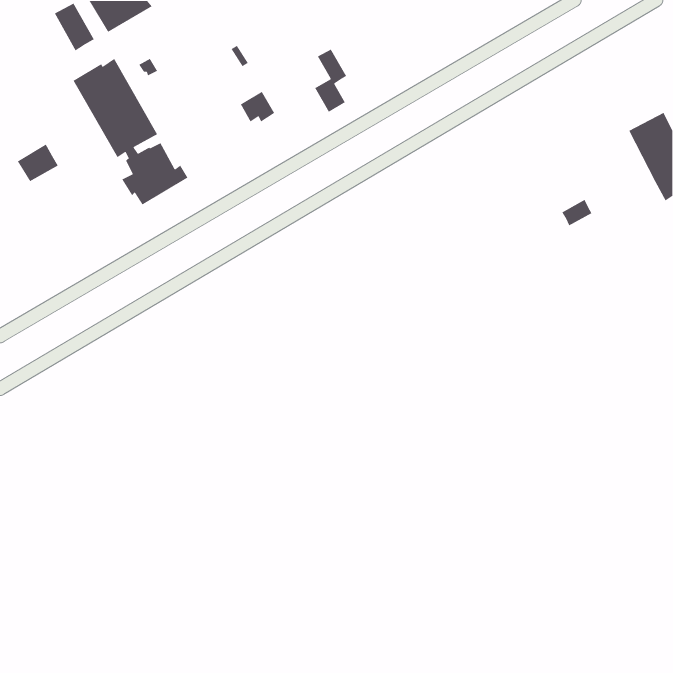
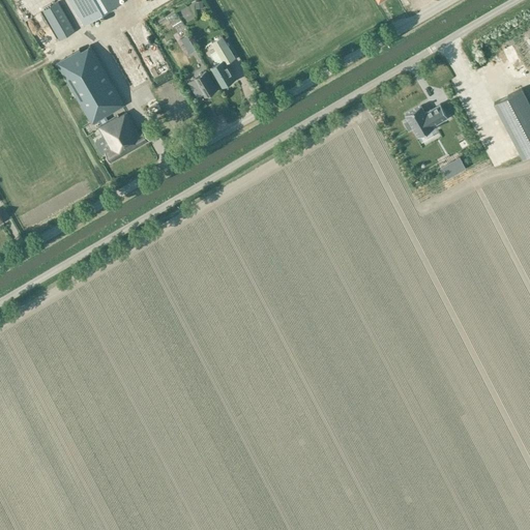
building: [314,48,347,113] -> [209,36,235,87]
building: none -> [404,104,448,137]
building: [17,143,59,182] -> none

